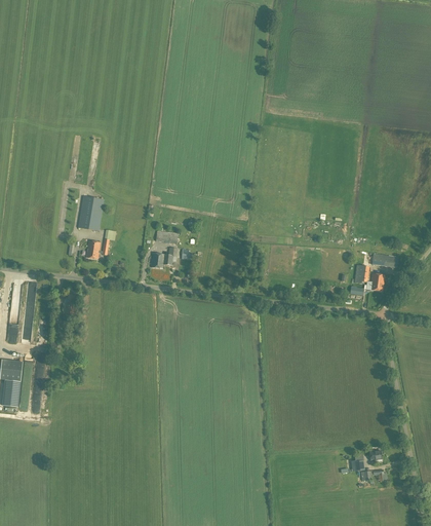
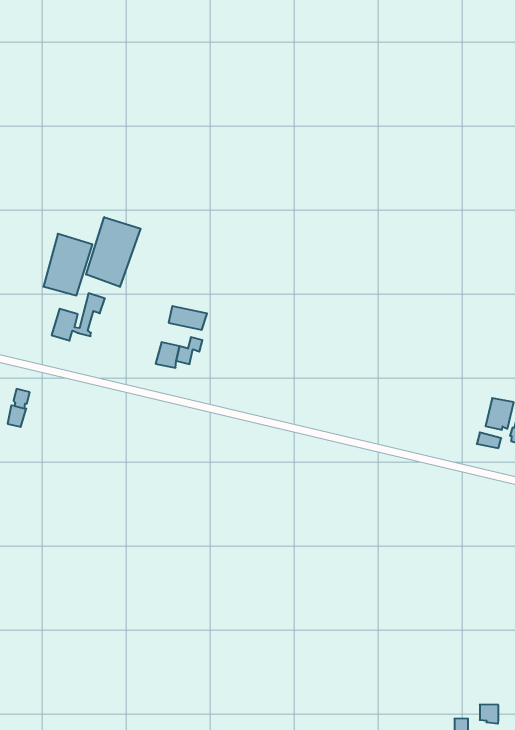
building: none -> [86,217,141,287]

